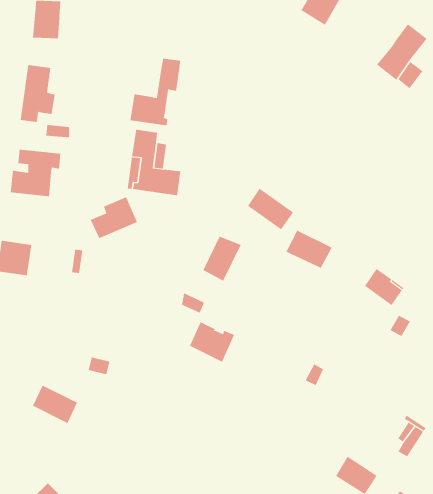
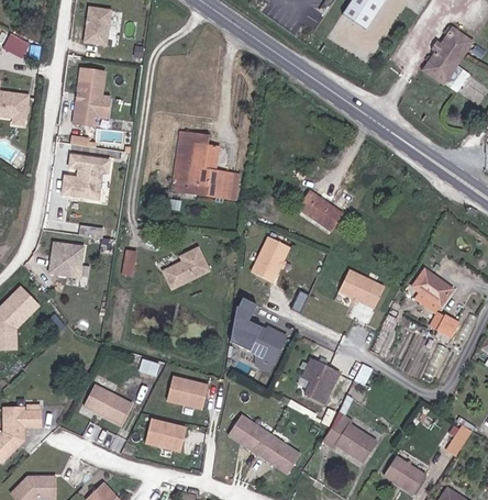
building: [130,58,181,126] -> none
building: [90,197,138,239] -> [165,247,212,289]
building: [286,230,332,269] -> [339,269,385,308]
building: none -> [302,359,339,403]
building: none -> [169,376,208,405]
building: none -> [322,412,375,462]
building: none -> [146,415,189,452]
building: none -> [228,415,300,474]

